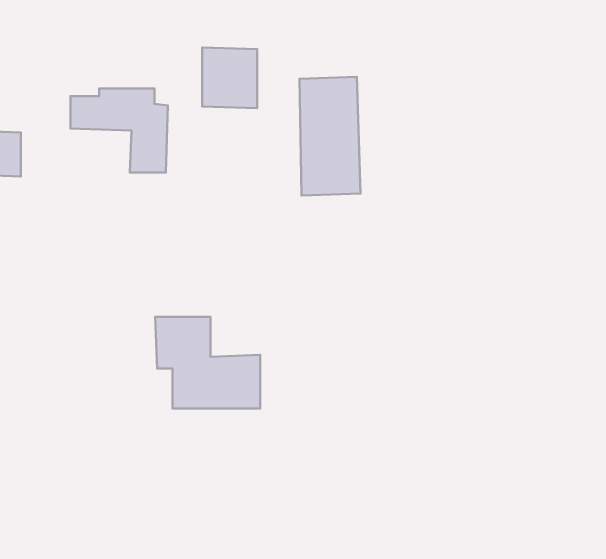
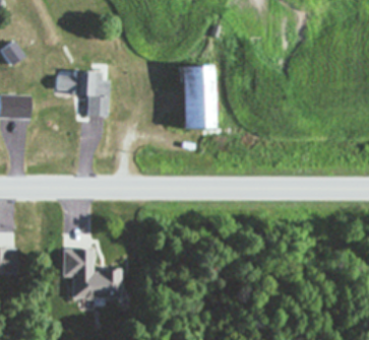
building: [202,48,257,108] -> none
building: [155,317,260,408] -> [64,249,120,297]

